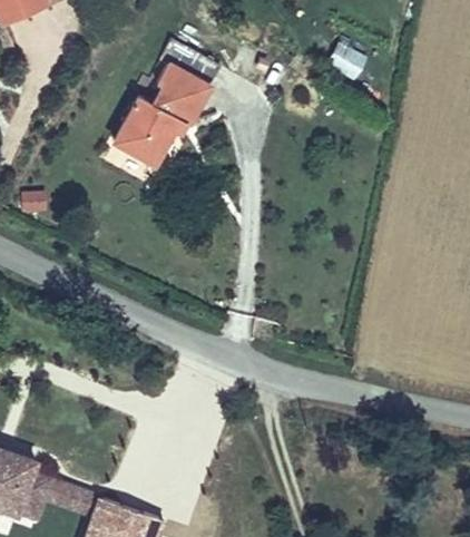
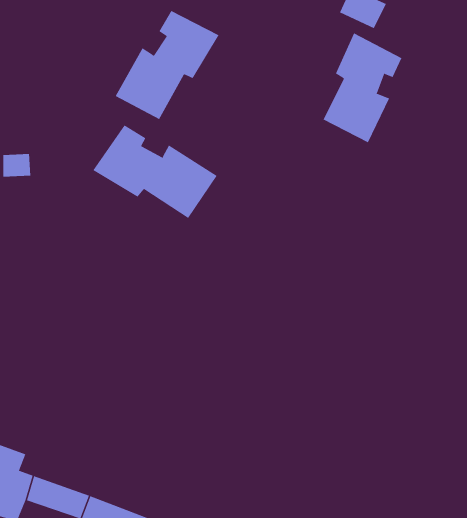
building: none -> [323,32,402,143]
building: none -> [93,124,218,219]

